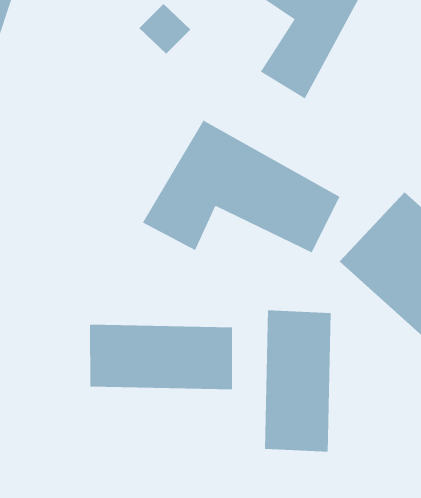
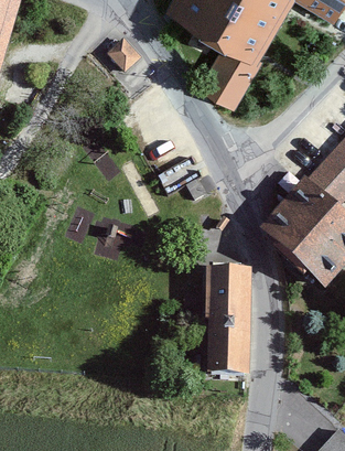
building: [142,120,341,254] -> none
building: [89,324,233,390] -> none

